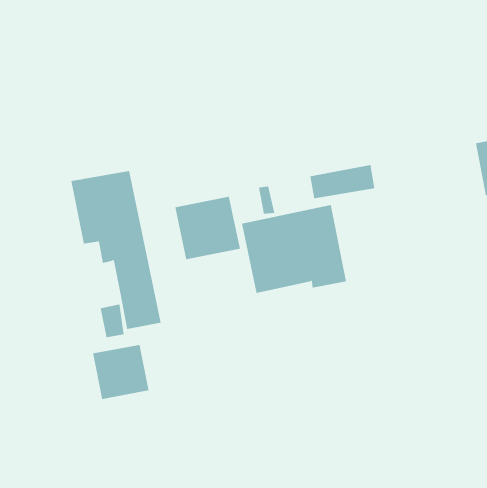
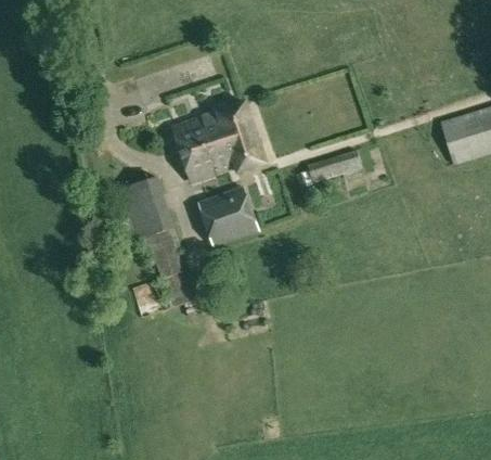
building: [241,205,347,294] -> [173,102,266,182]
building: [93,344,149,400] -> none

